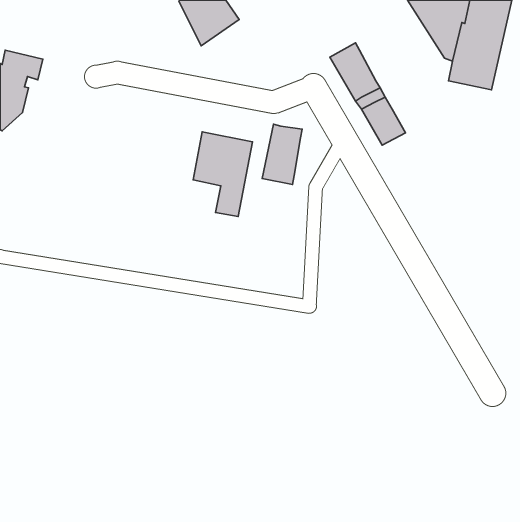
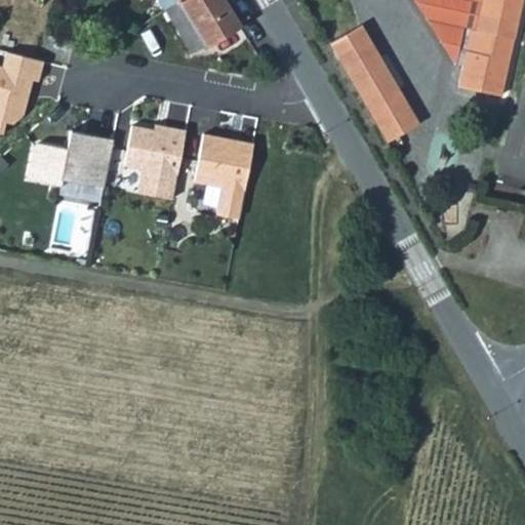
building: none -> [126,124,188,198]
building: [262,124,302,184] -> none
building: none -> [30,131,116,188]

